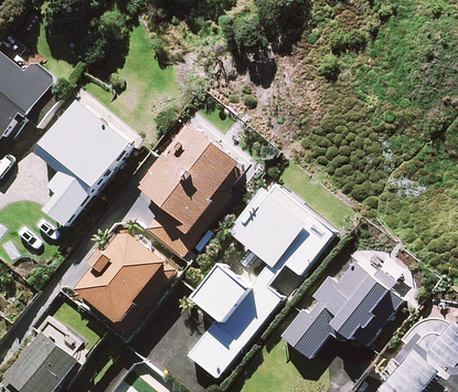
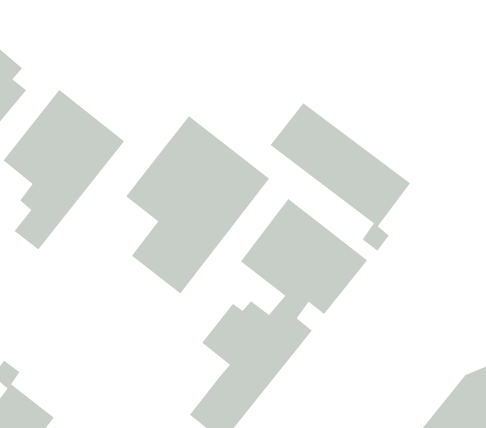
building: none -> [270,102,411,252]
building: [75,229,173,328] -> none
building: [278,257,403,358] -> none

